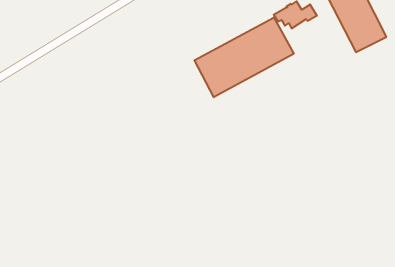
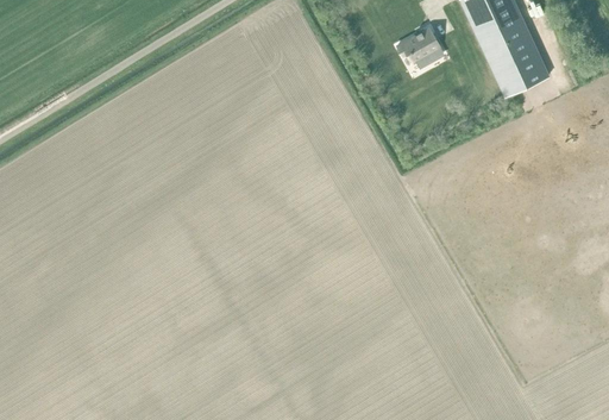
building: [195,17,294,97] -> none

